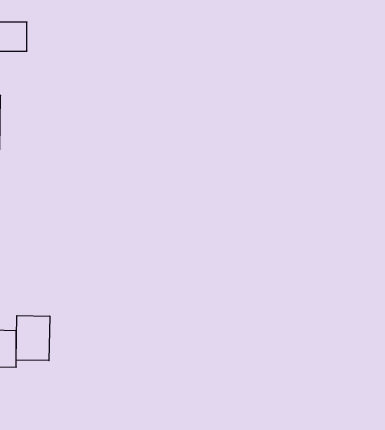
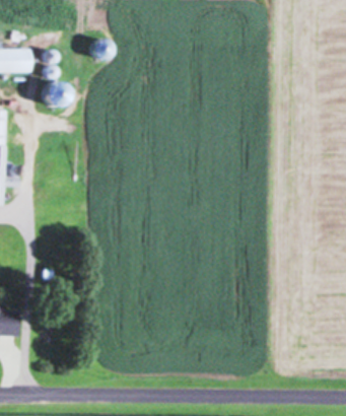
building: [16,316,50,361] -> none

